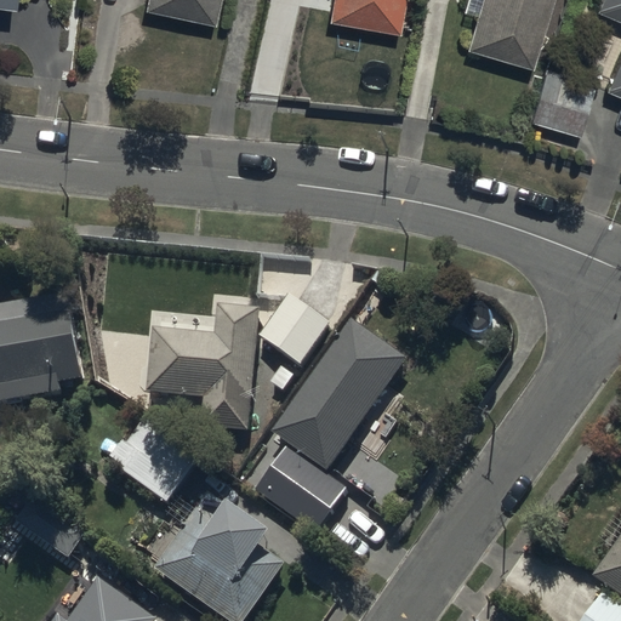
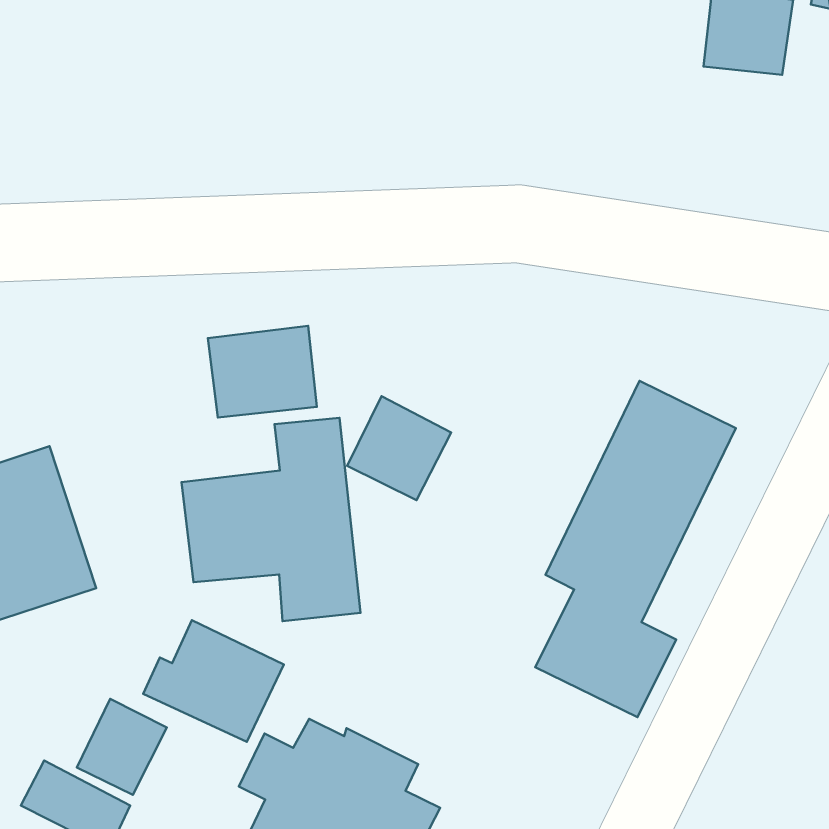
building: none -> [208,326,317,418]
building: [255,318,408,534] -> [535,381,736,717]
building: none -> [77,699,167,795]

